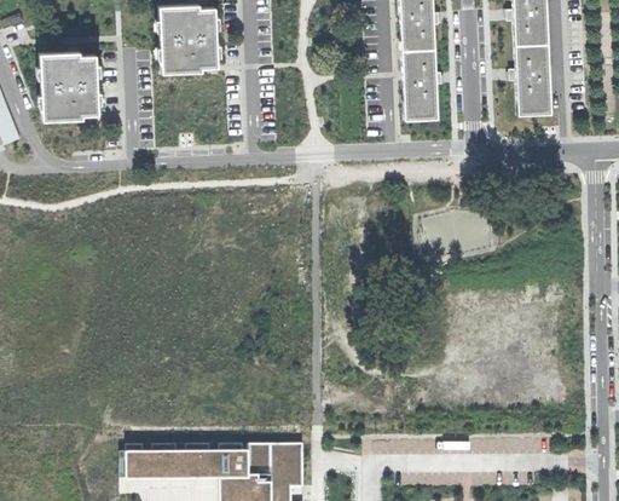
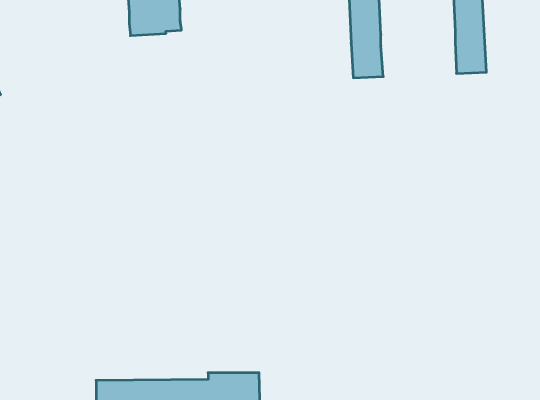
building: [40,52,98,121] -> none

